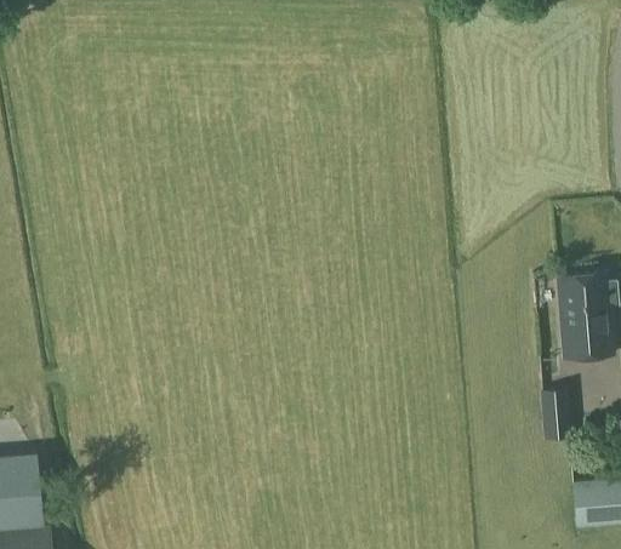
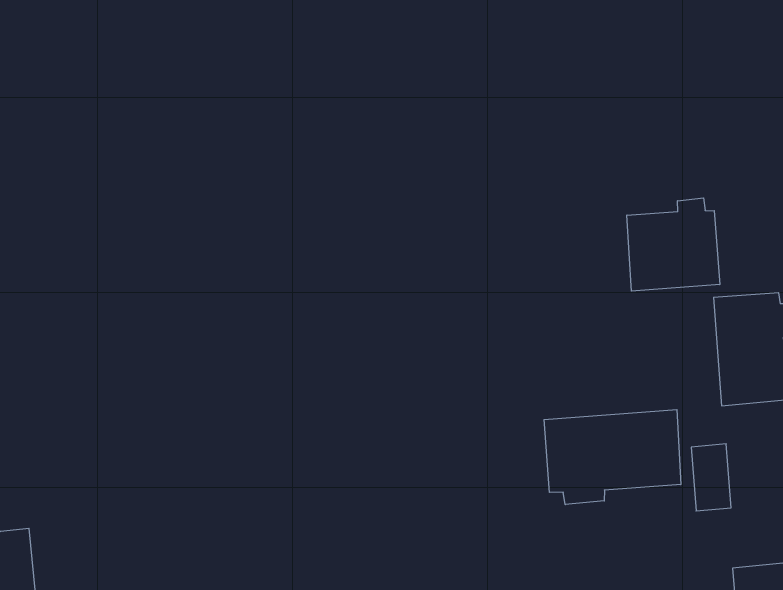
building: none -> [627,198,720,291]
building: none -> [544,410,681,505]

